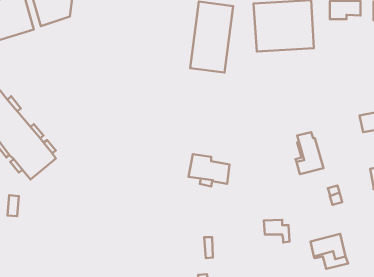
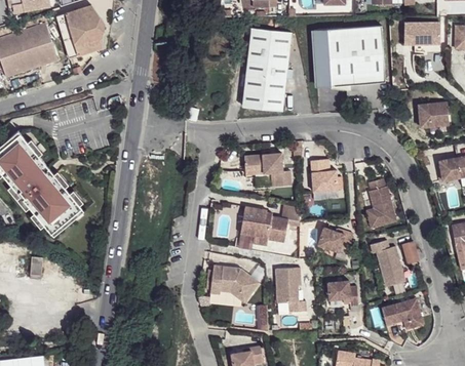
building: none -> [418,100,449,126]
building: none -> [243,154,289,187]
building: none -> [310,160,337,193]
building: none -> [315,230,351,255]
building: none -> [371,241,404,287]
building: none -> [209,266,258,302]
building: none -> [275,267,304,312]

